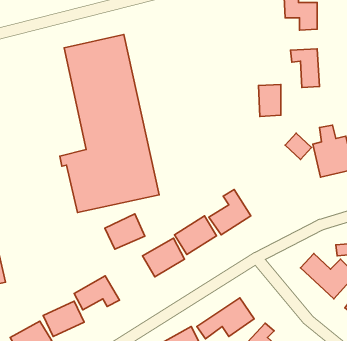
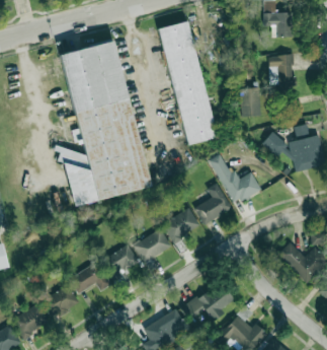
building: none -> [159,20,215,144]
building: none -> [210,154,261,204]
building: [105,214,145,249] -> [102,246,139,278]

